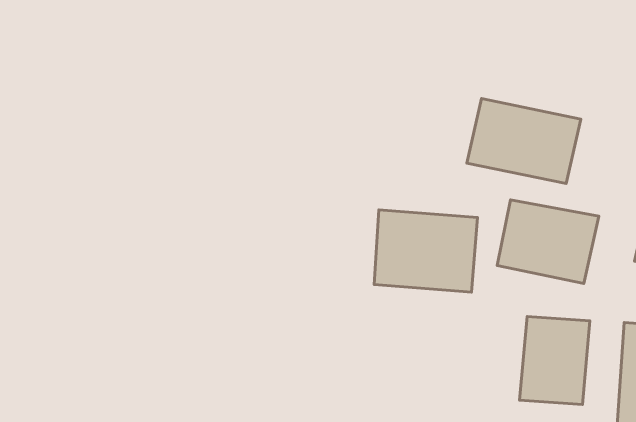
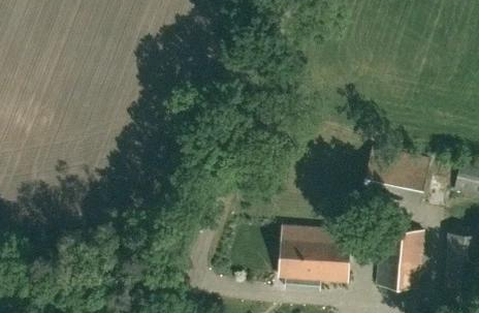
building: [467,98,581,184] -> none
building: [374,210,477,292] -> [279,223,350,280]

